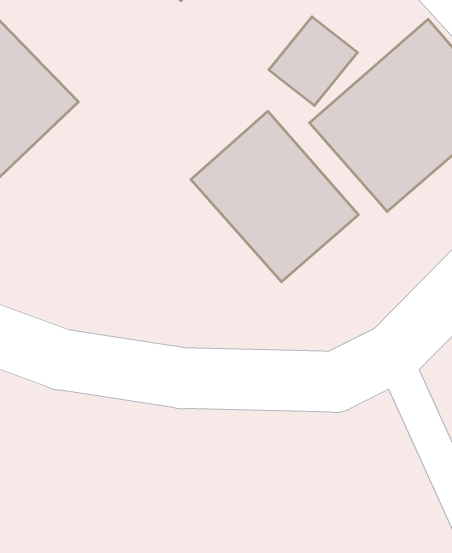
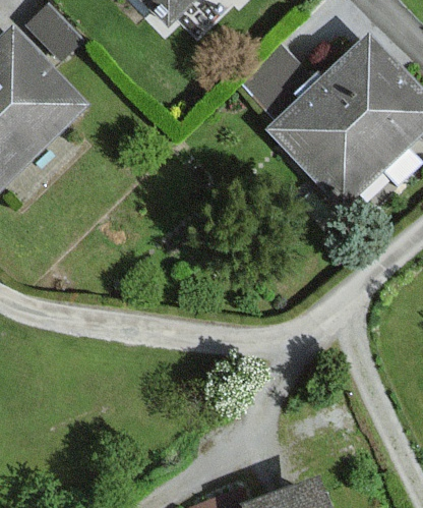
building: [191,111,358,282] -> none

